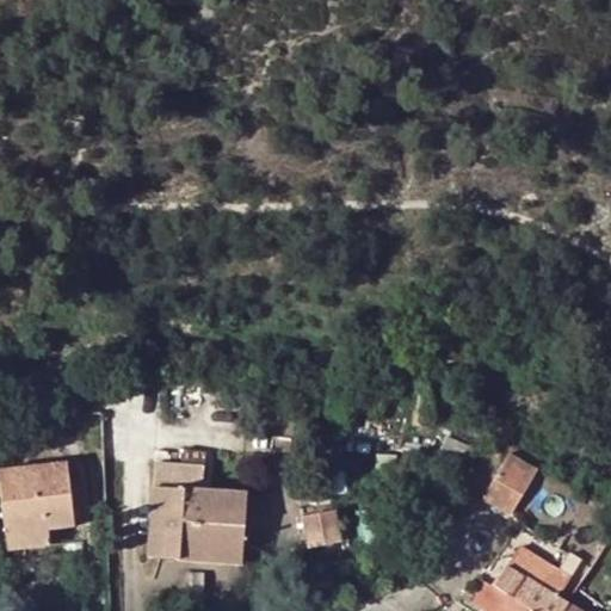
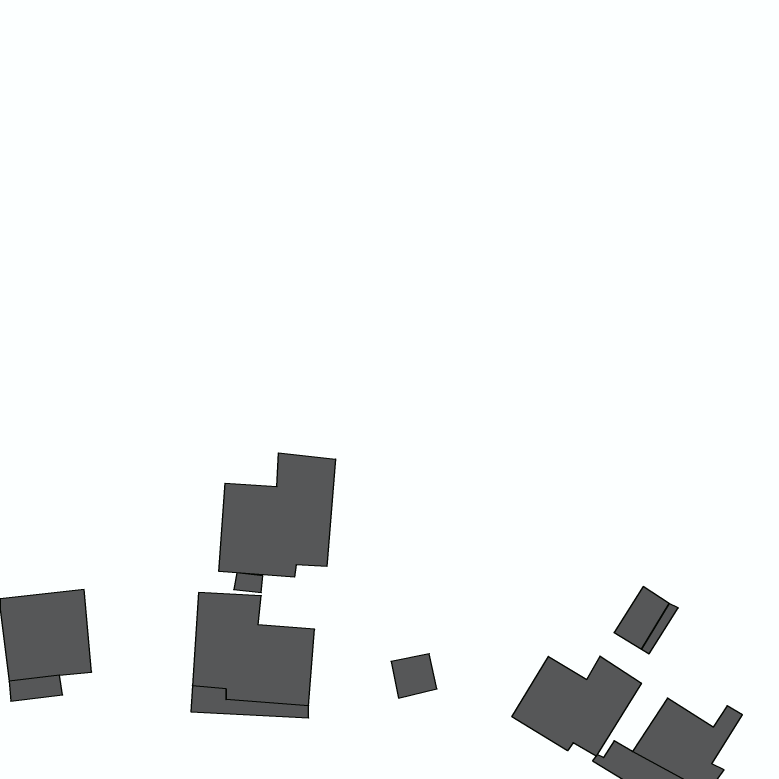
building: none -> [219,453,336,577]
building: none -> [512,656,641,756]

